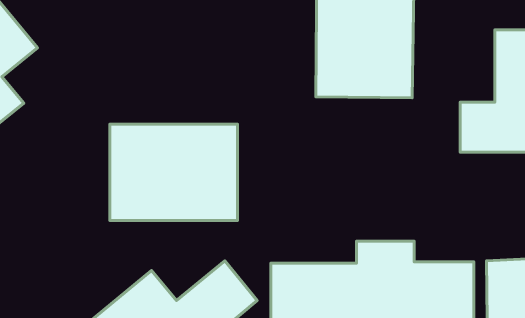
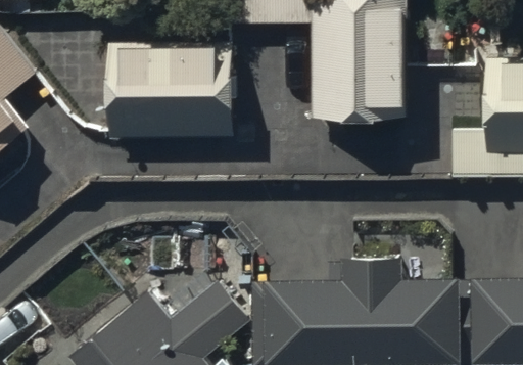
building: [110,124,237,220] -> [108,43,233,137]

